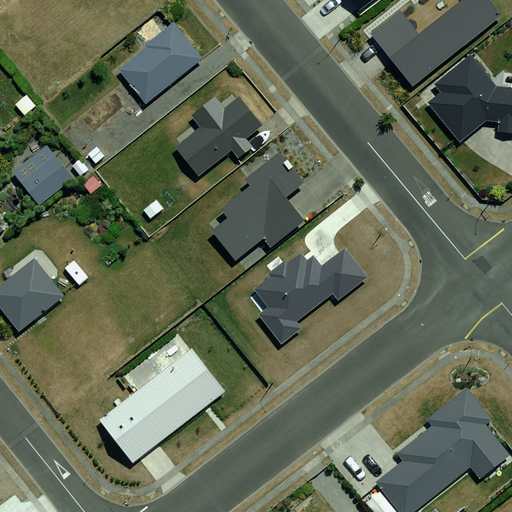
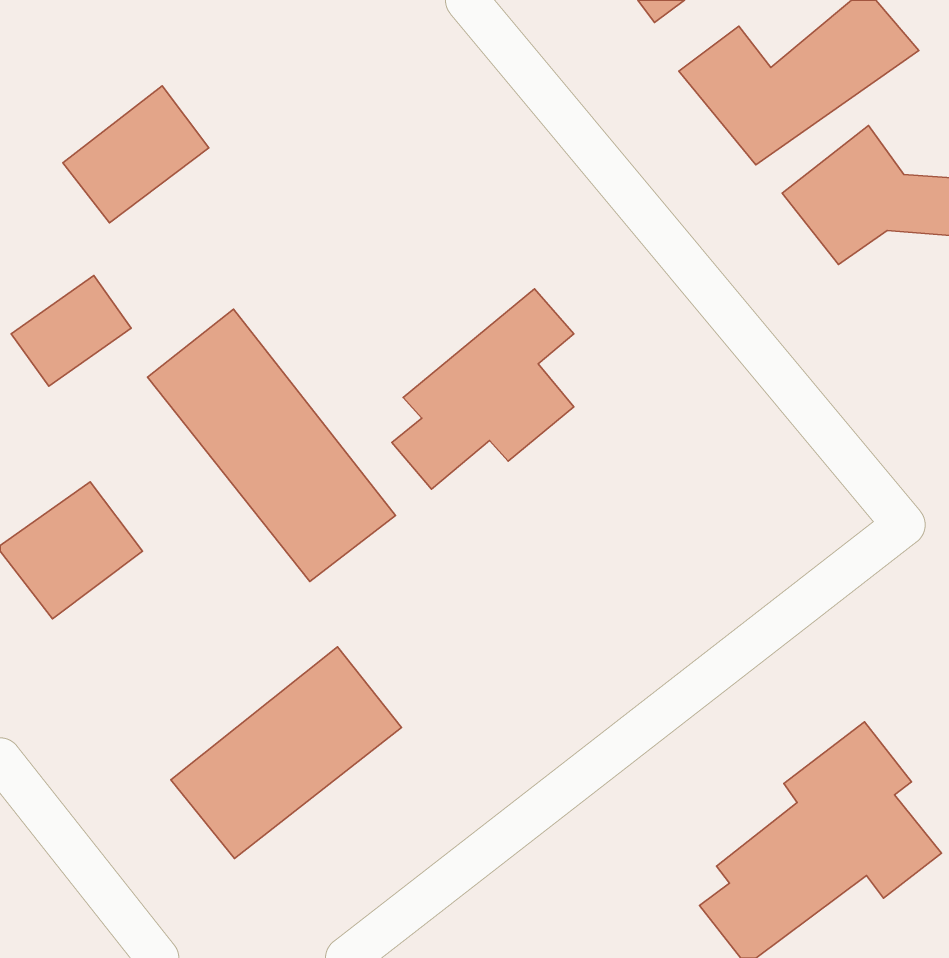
building: [123,26,201,99] -> [63,86,209,223]
building: [178,94,267,175] -> none
building: none -> [148,309,395,581]
building: [244,247,367,344] -> none

